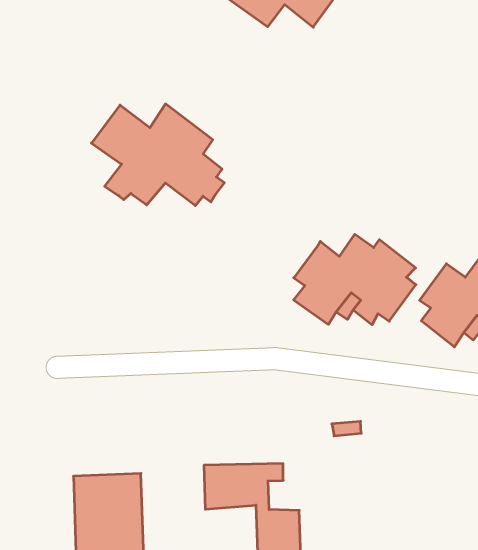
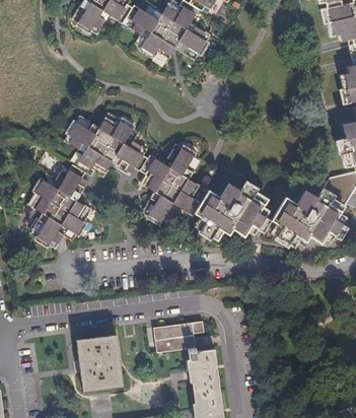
building: none -> [143,143,209,223]
building: none -> [30,162,92,246]

